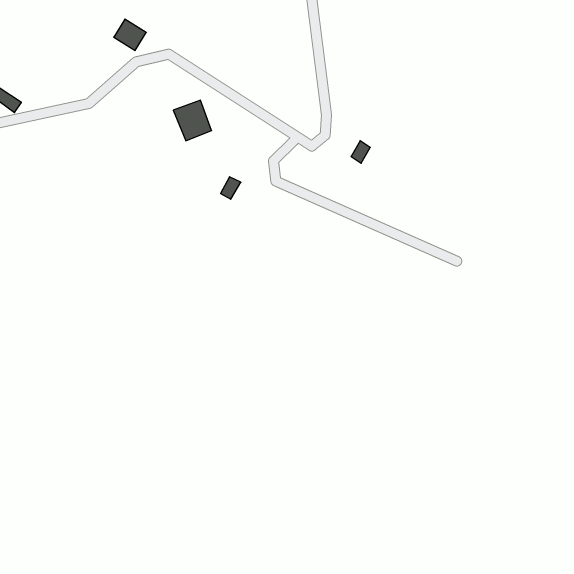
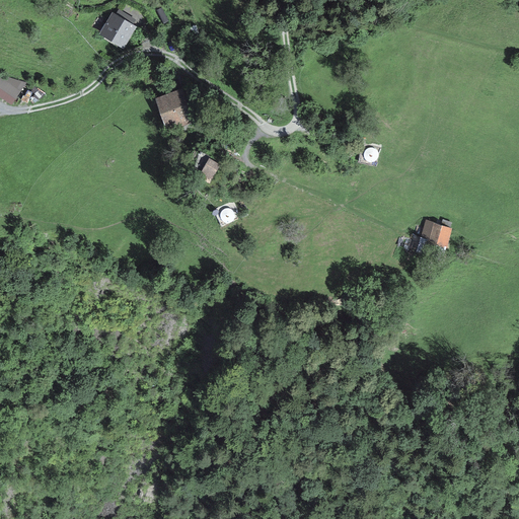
building: none -> [419,219,450,249]

